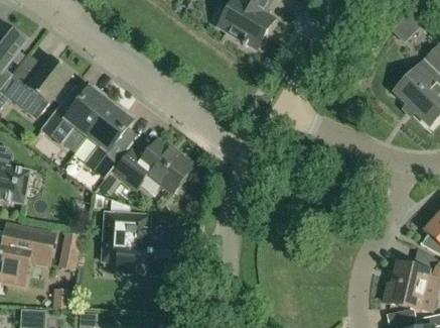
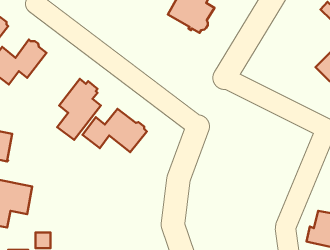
building: [40,84,111,143] -> none
building: [102,212,169,277] -> none
building: [58,230,82,267] -> none

